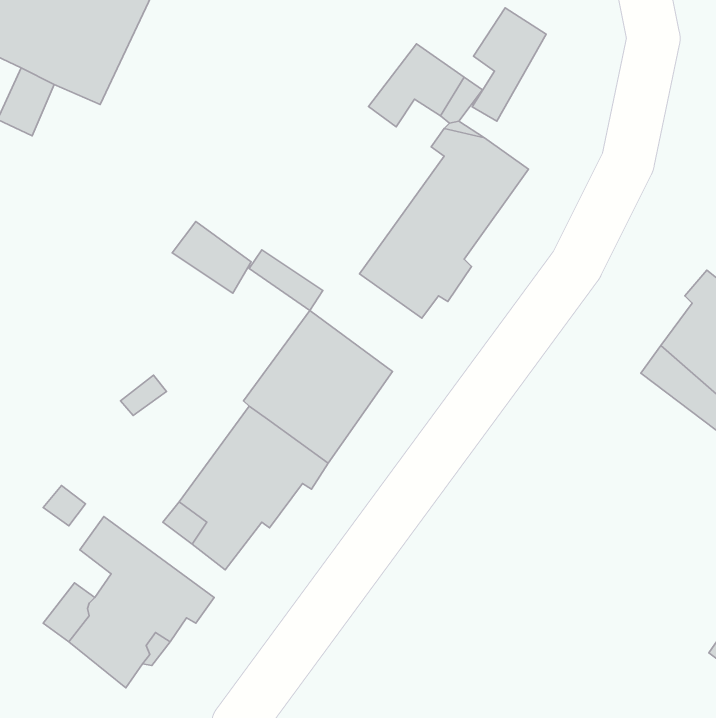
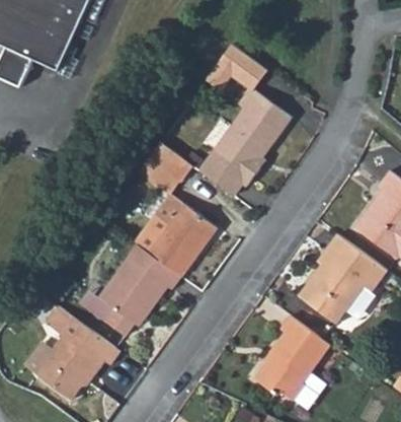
building: [472,8,546,121] -> none
building: [172,221,251,293] -> [146,141,189,181]
building: none -> [295,232,383,323]
building: none -> [250,312,327,400]

